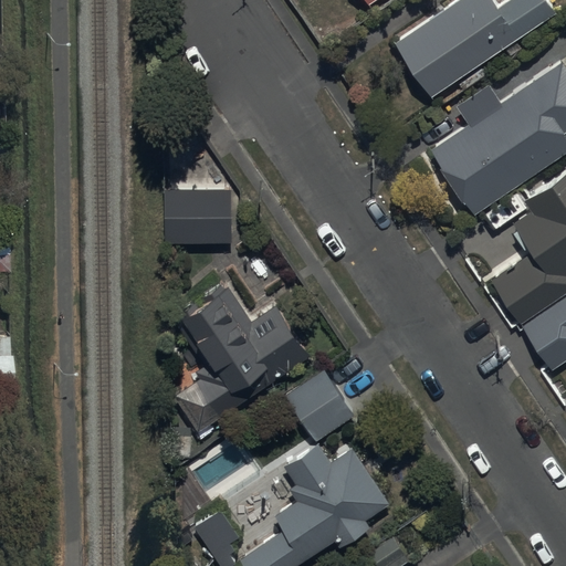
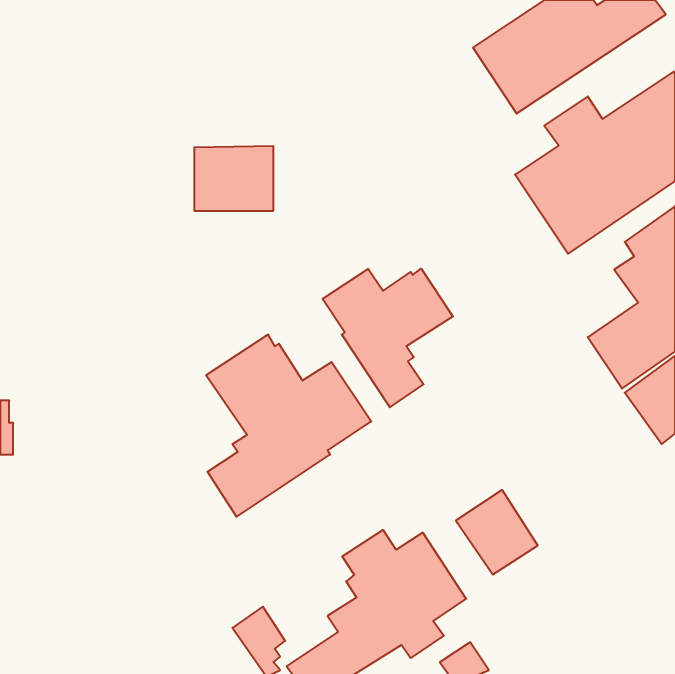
building: [166,189,232,243] -> [194,146,273,211]
building: none -> [323,269,453,407]
building: [286,368,355,439] -> [456,490,538,575]

